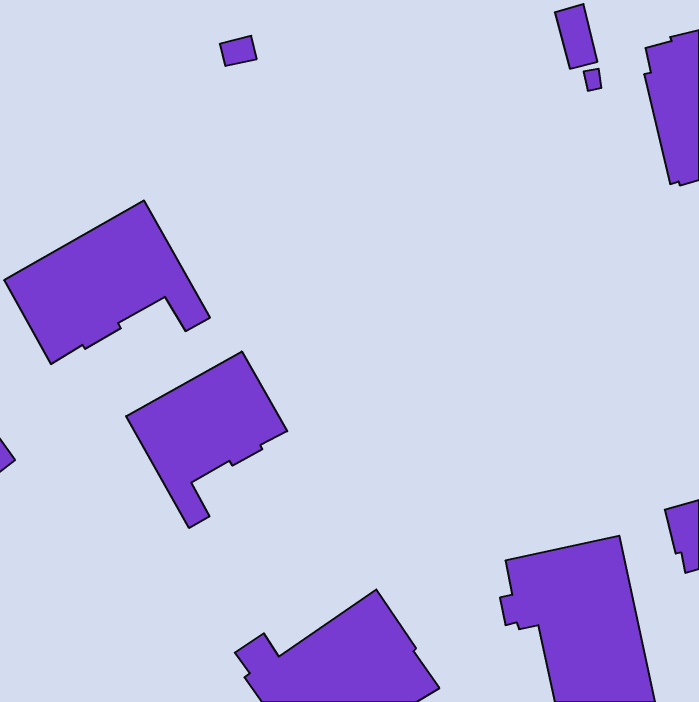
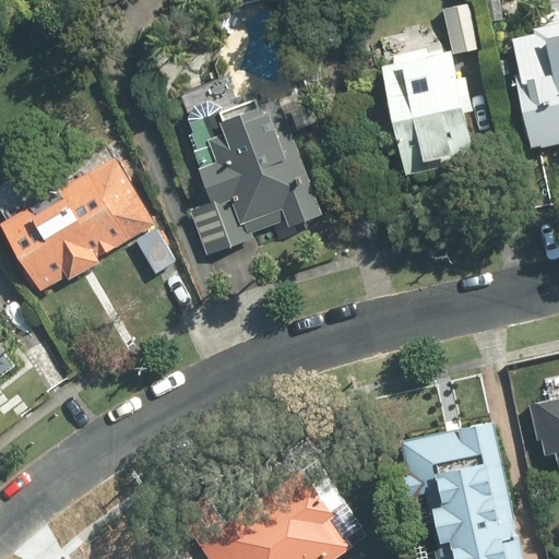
building: none -> [382,49,473,174]
building: none -> [188,100,320,252]
building: [126,351,287,528] -> none

